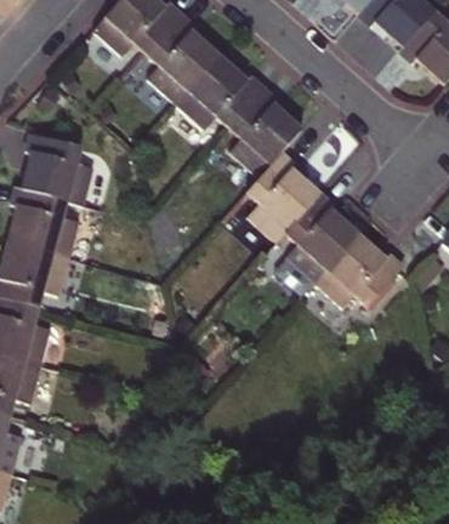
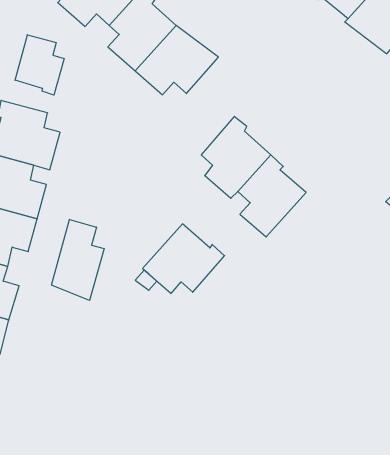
building: none -> [15,35,64,95]
building: [229,87,302,176] -> none
building: [314,232,402,306] -> [143,224,225,293]
building: none -> [51,219,104,300]

